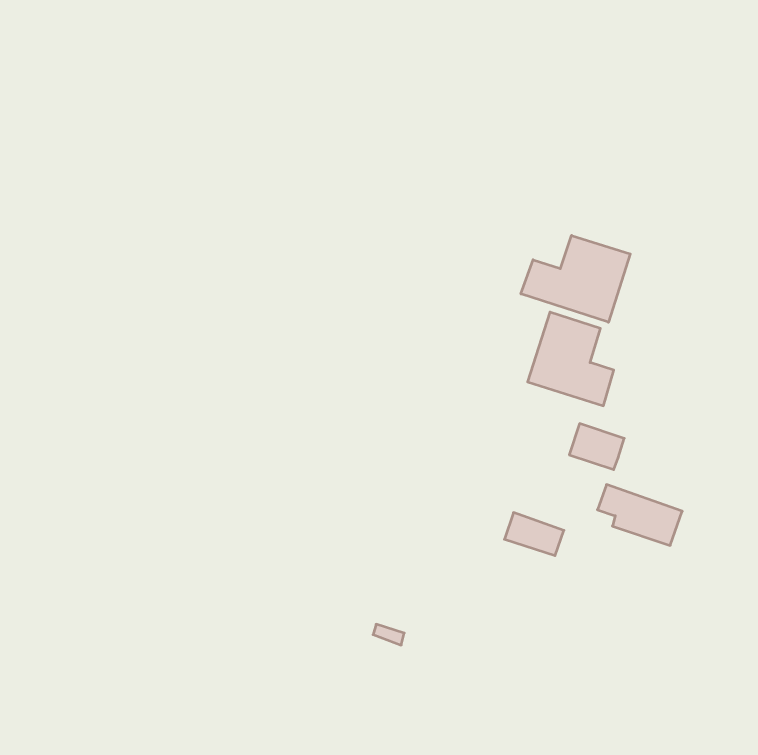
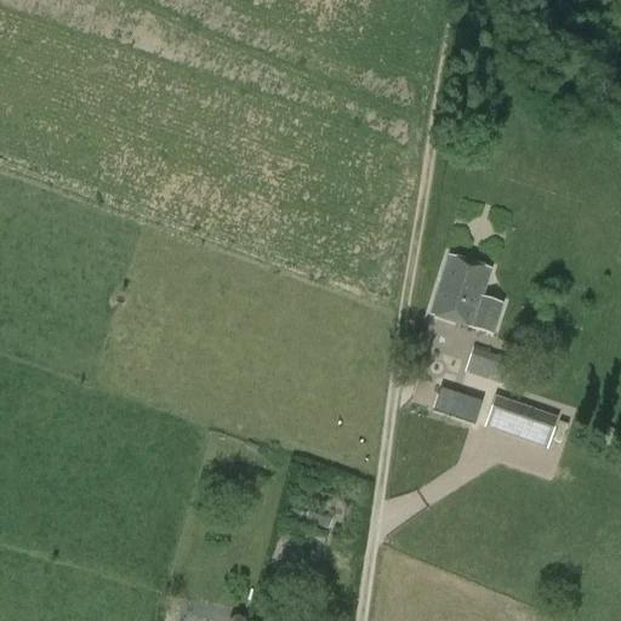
building: [521,235,630,322] -> none
building: [504,513,564,556] -> [433,386,482,421]

